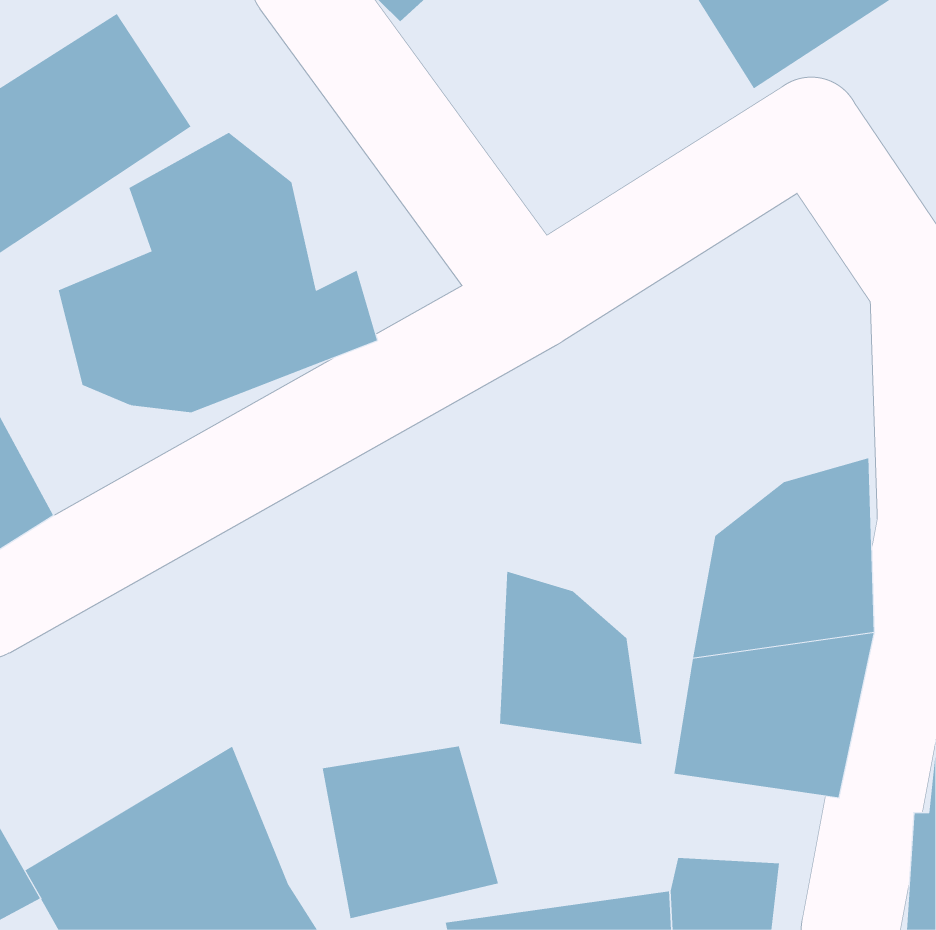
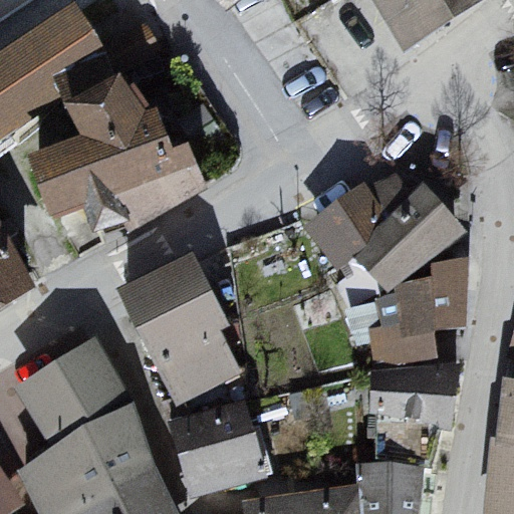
building: none -> [301,178,464,289]
building: none -> [113,259,243,407]
building: [500,571,642,745] -> none
building: none -> [9,337,125,452]

